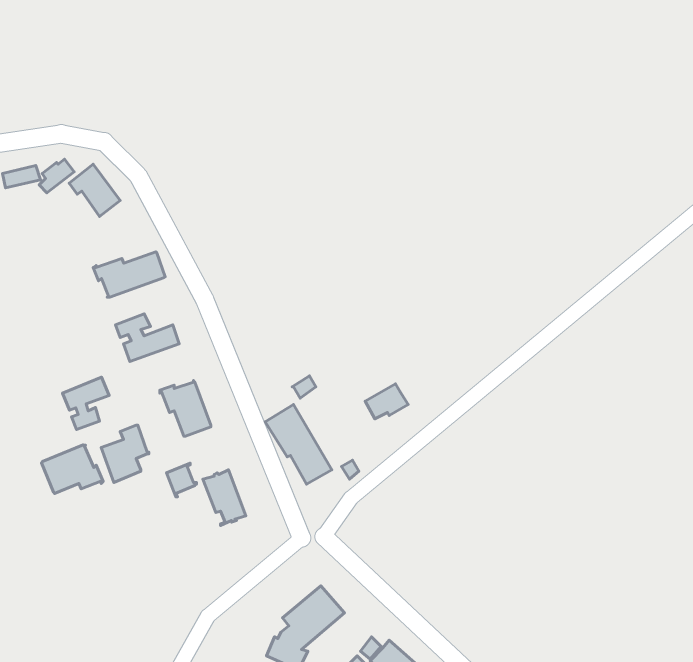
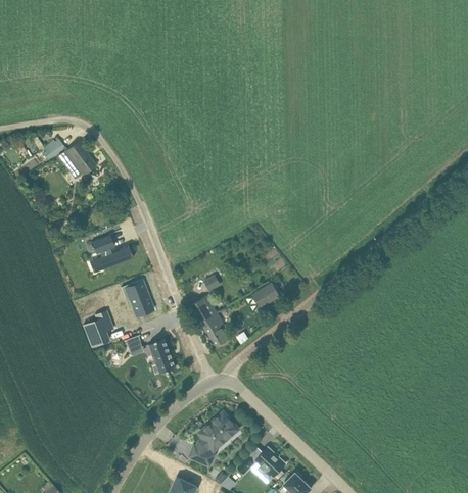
building: [93,252,165,297] -> none
building: [63,377,109,430] -> none
building: [41,445,103,493] -> none

